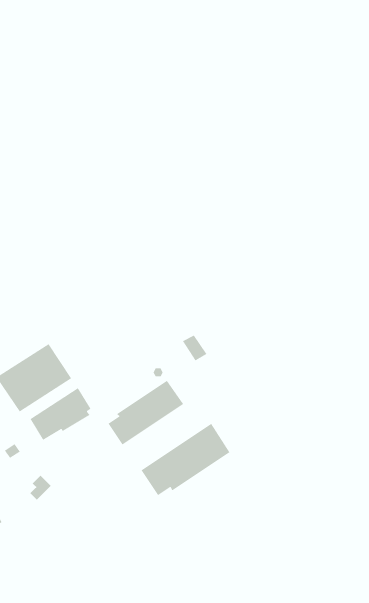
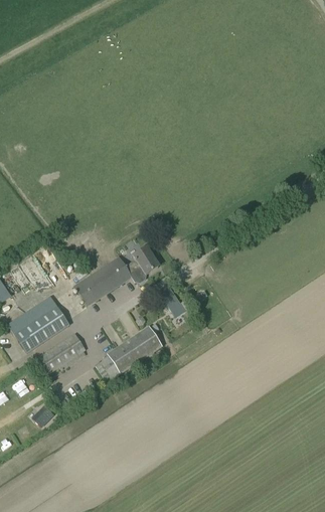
building: none -> [73,246,160,306]
building: [140,423,231,496] -> none

